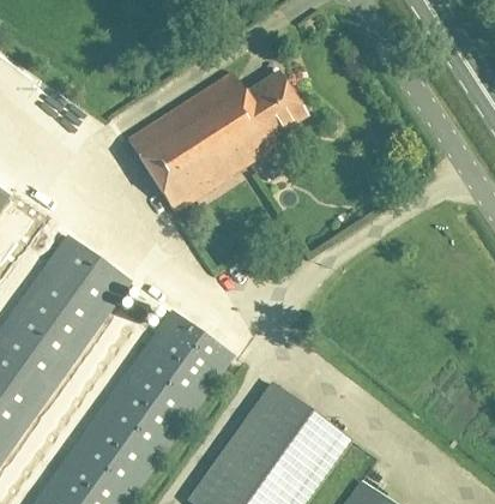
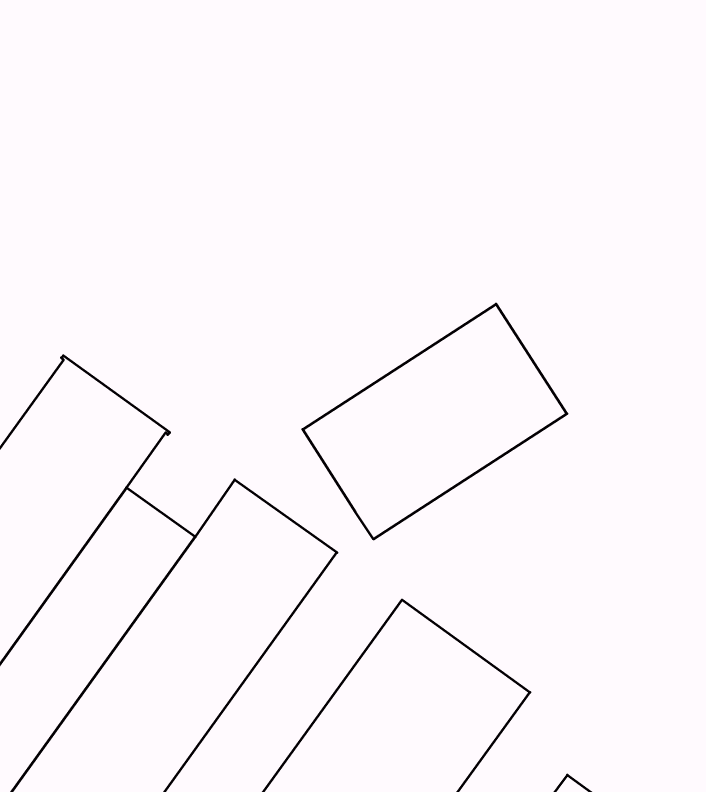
building: [125,72,303,212] -> none
building: none -> [303,304,567,539]

